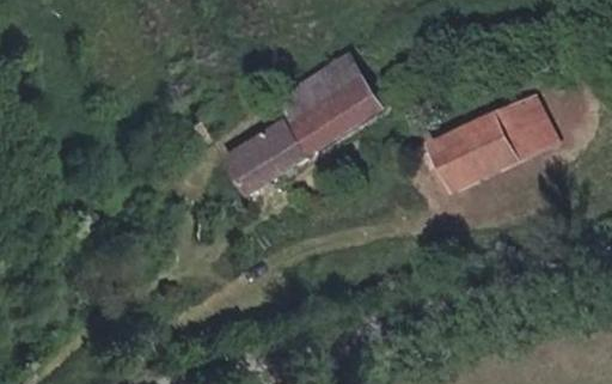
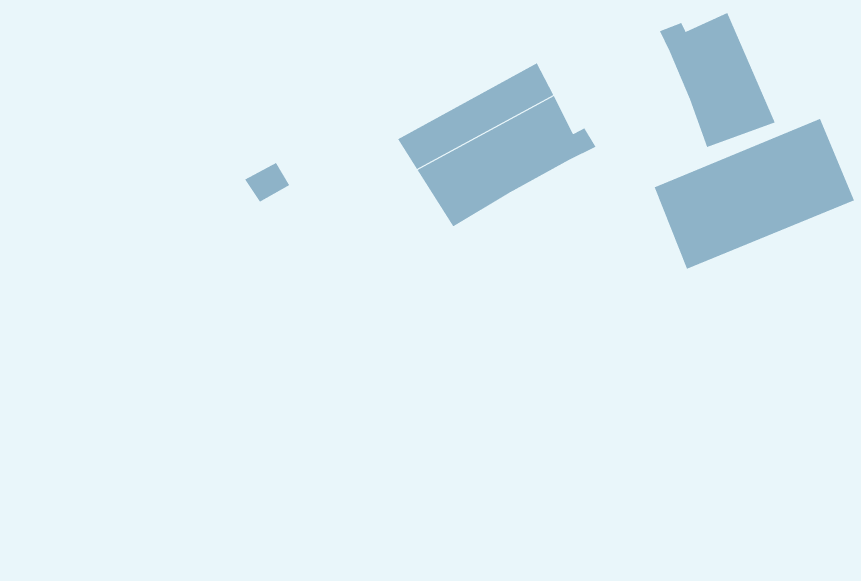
building: none -> [659,12,775,148]
building: [224,127,300,194] -> none

